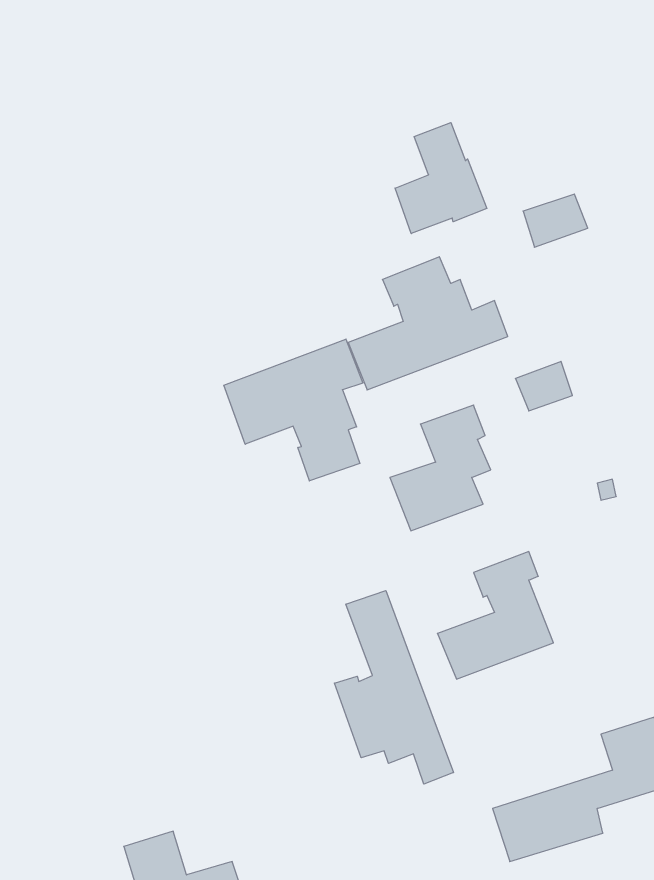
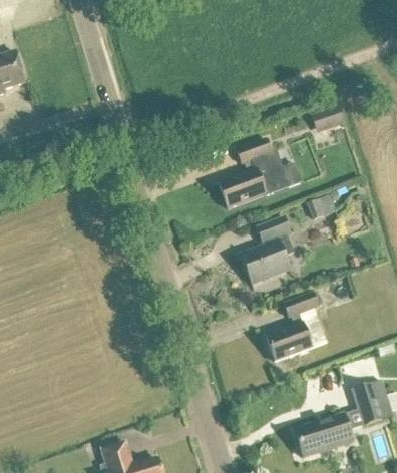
building: [395,123,487,234] -> none
building: [224,339,363,481] -> none
building: [334,591,453,784] -> none

